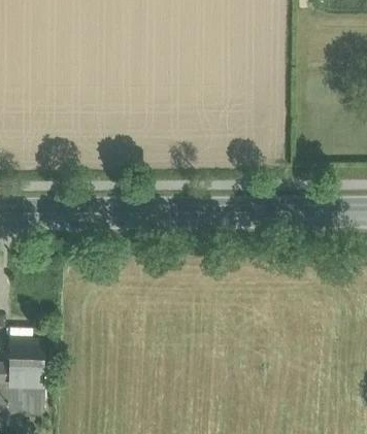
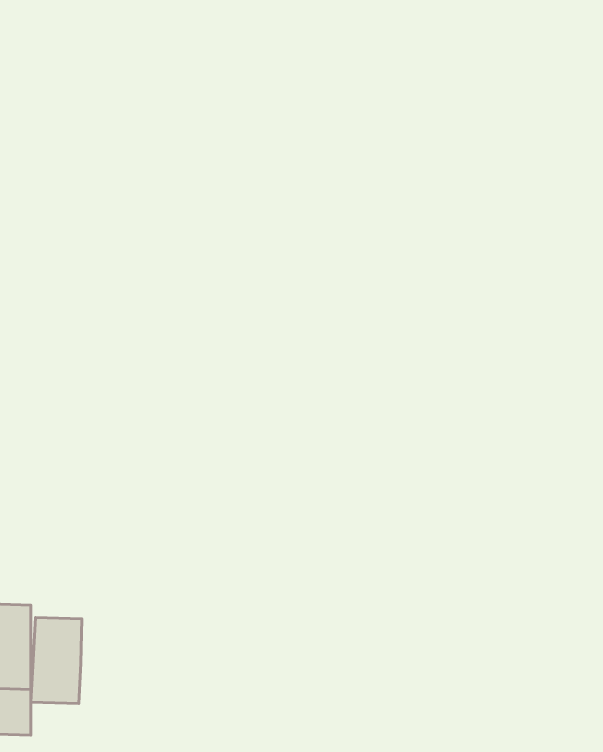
building: none -> [31,618,82,704]

